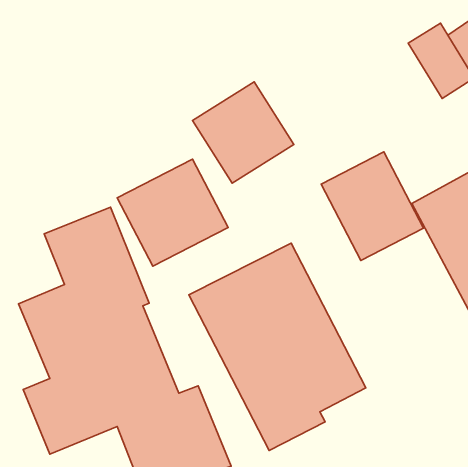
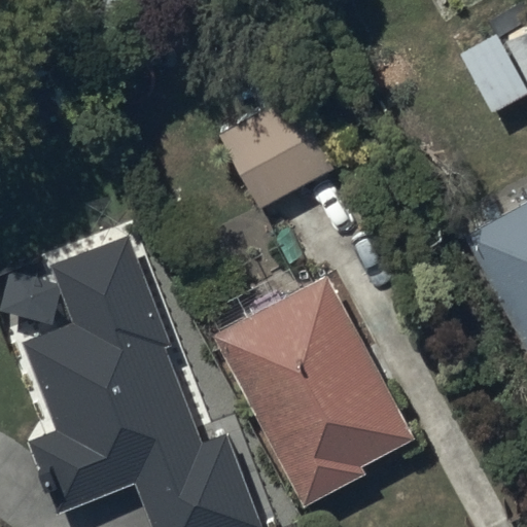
building: [321,152,424,261] -> none
building: [117,159,228,266] -> none

